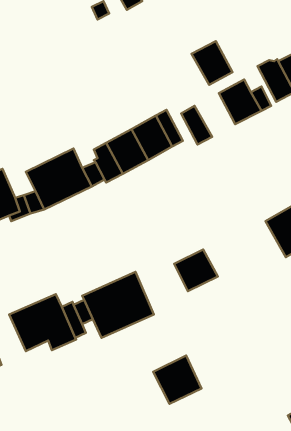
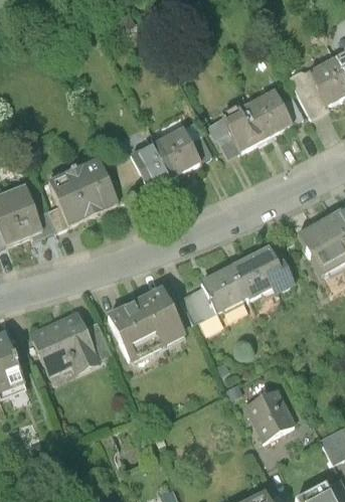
building: [192,41,232,85] -> [224,104,267,149]
building: none -> [233,247,294,296]
building: none -> [180,285,217,322]
building: [153,355,202,404] -> [245,387,296,438]

